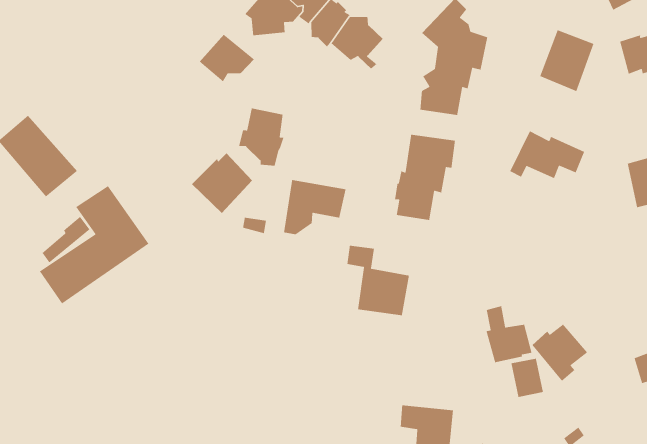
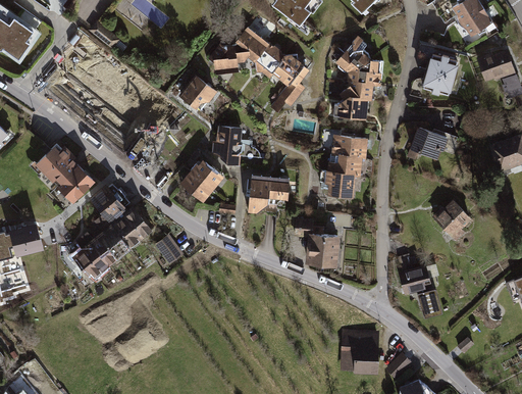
building: none -> [270,84,301,112]
building: none -> [157,237,185,263]
building: [532,323,588,382] -> [431,200,472,242]

